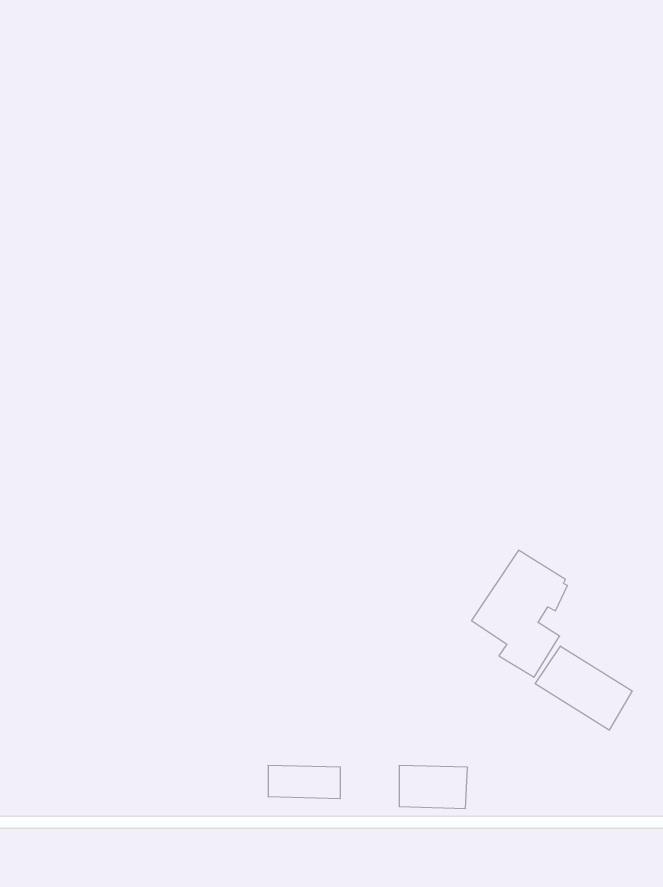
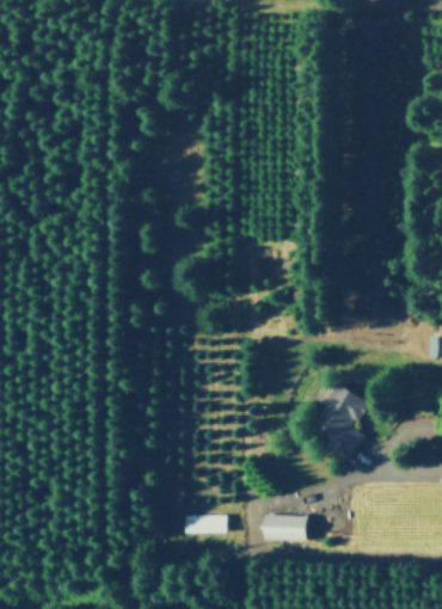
building: [535,646,632,730] -> none

